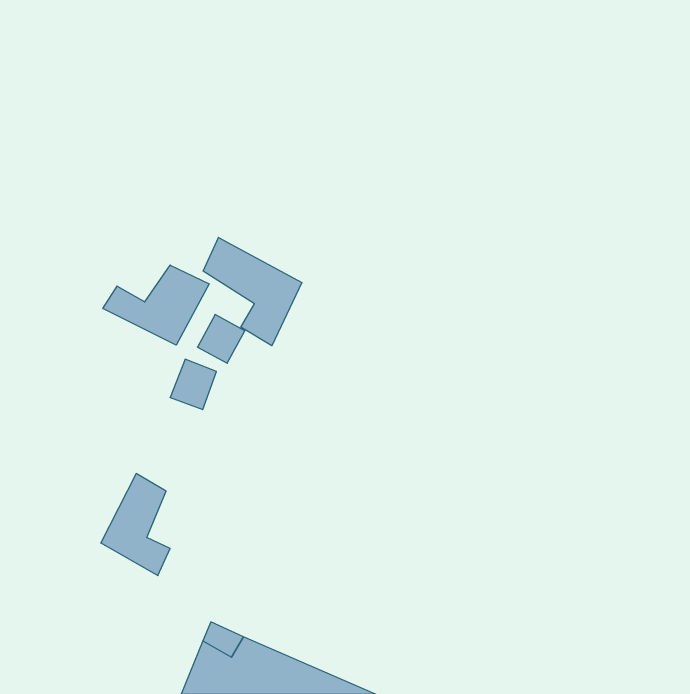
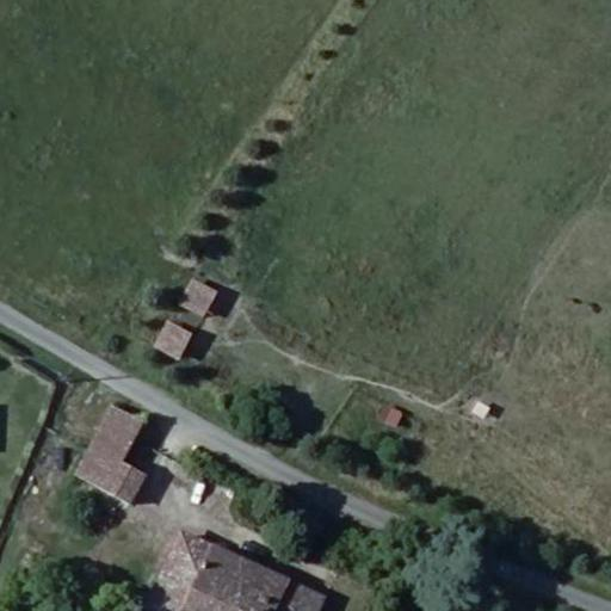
building: [203,237,302,346] -> none
building: [103,265,209,345] -> none

